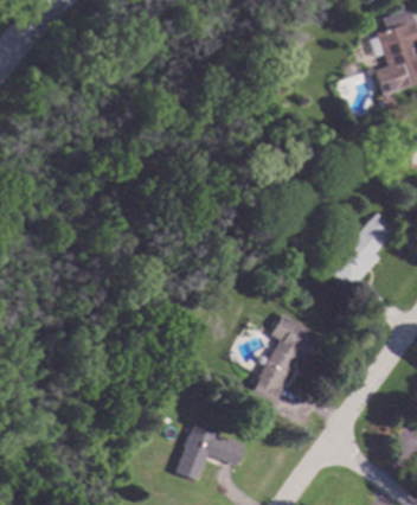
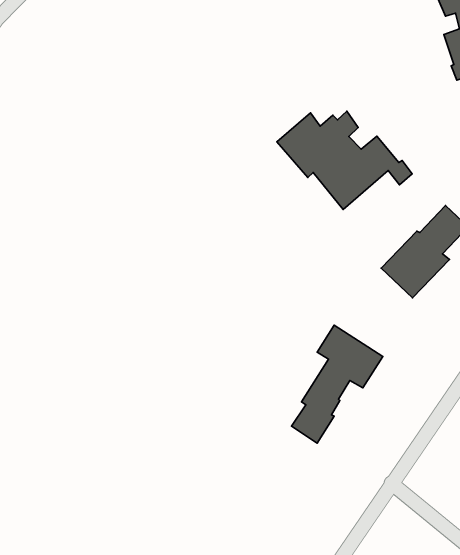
building: none -> [277,111,412,209]
building: [175,426,245,480] -> none

